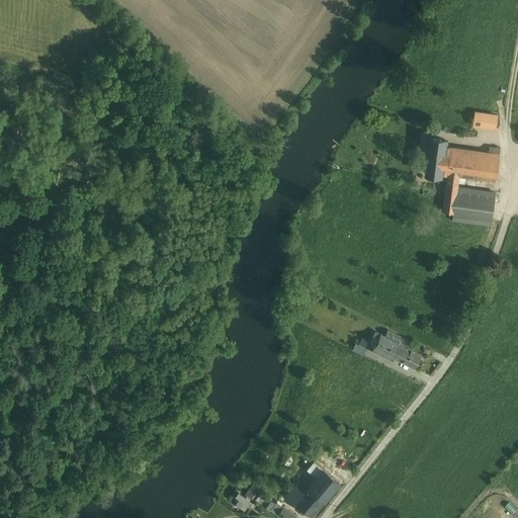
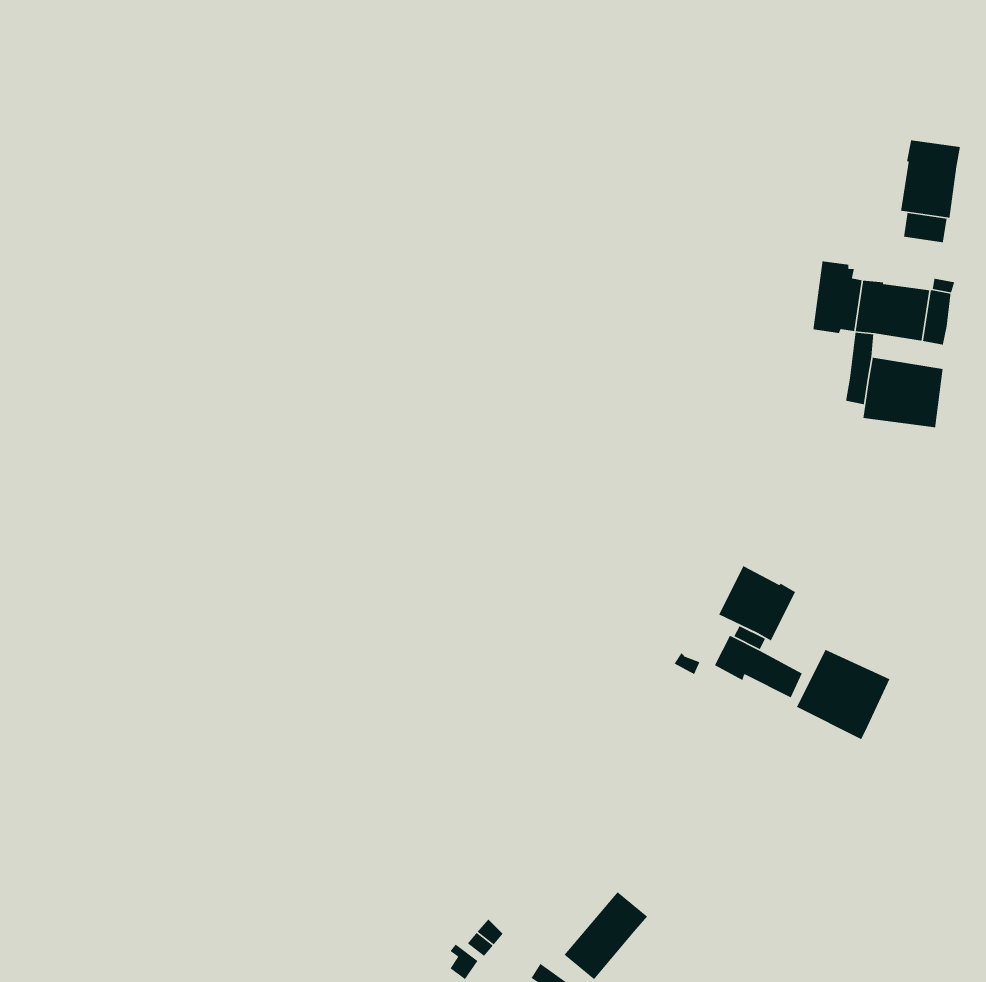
building: none -> [900,139,961,218]
building: none -> [718,565,796,642]
building: none -> [796,649,891,740]

